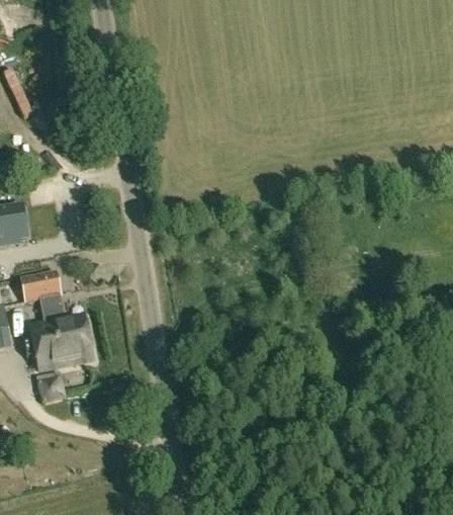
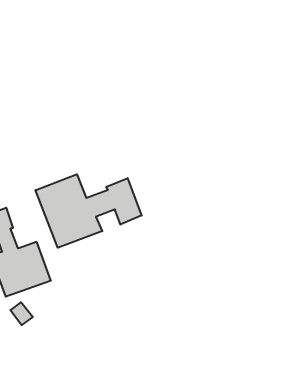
building: none -> [35,174,142,248]

